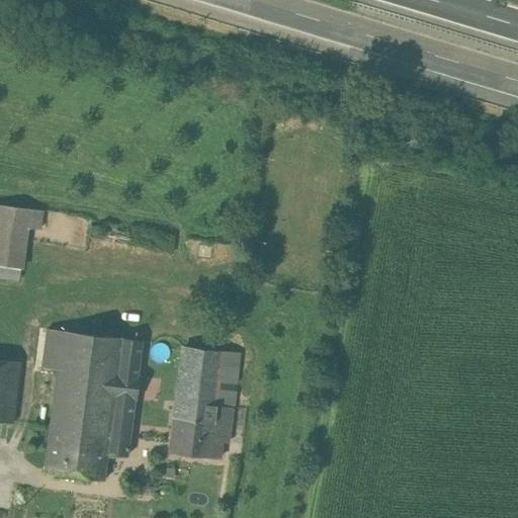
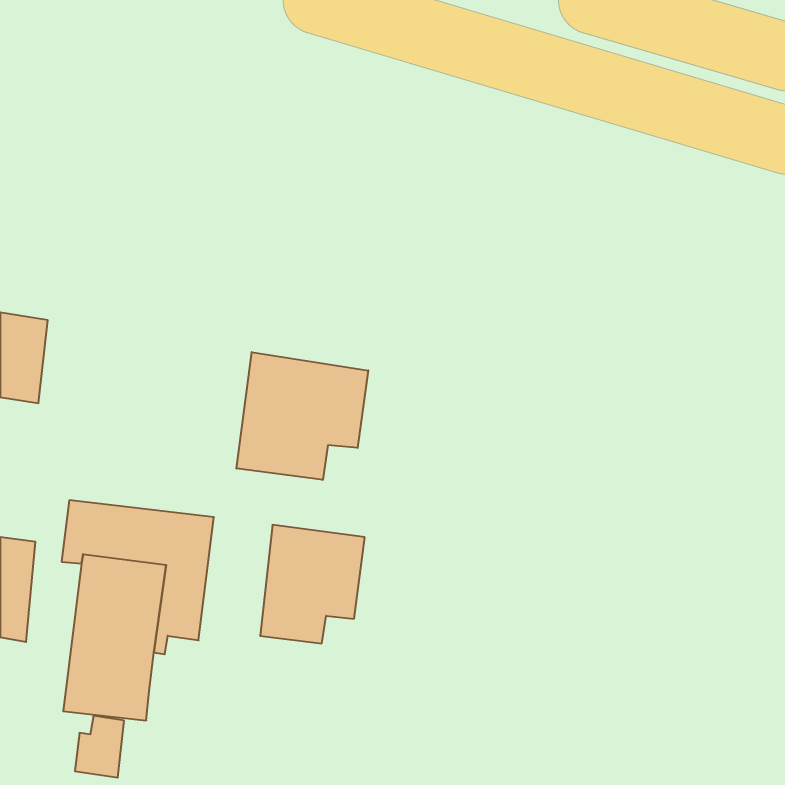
building: none -> [236,352,368,480]
building: [167,406,234,459] -> none
building: [99,419,132,459] -> [75,716,124,777]

